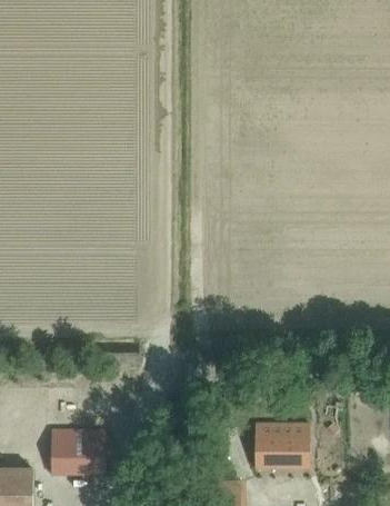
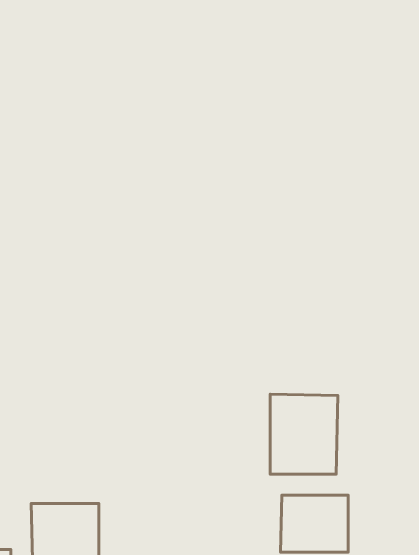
building: none -> [270,394,338,474]

